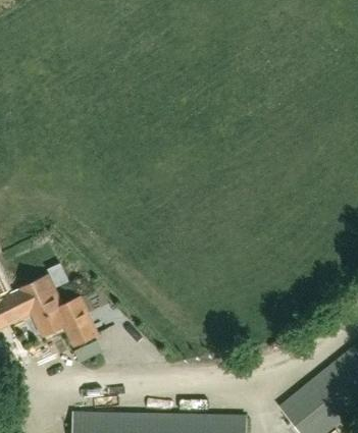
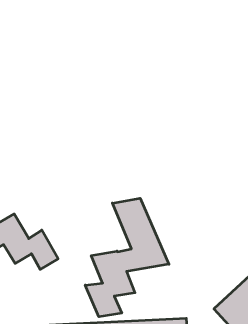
building: none -> [85,198,169,317]

